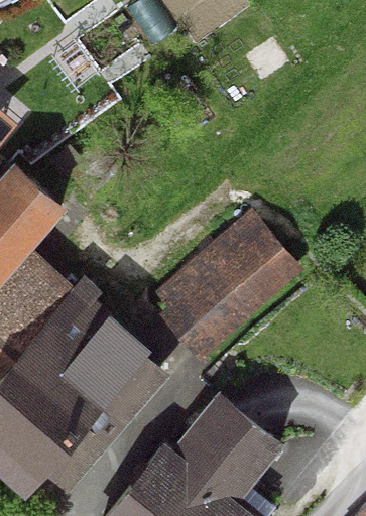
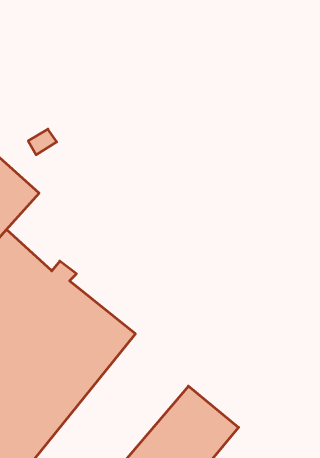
building: [146,207,304,361] -> none

